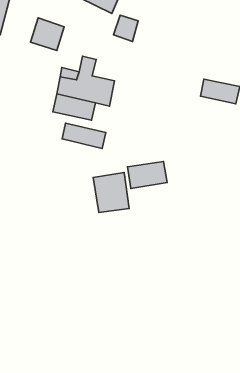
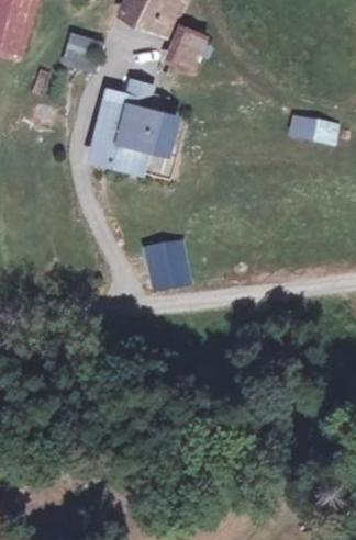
building: [62,123,106,149] -> none
building: [127,162,167,188] -> none

